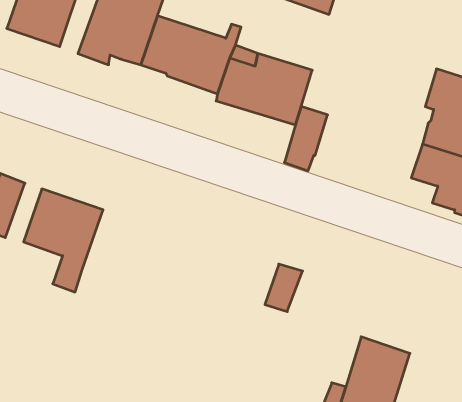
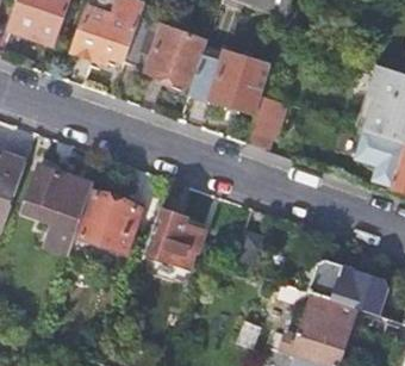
building: none -> [75,192,141,254]
building: none -> [145,210,204,268]
building: none -> [310,258,391,316]

